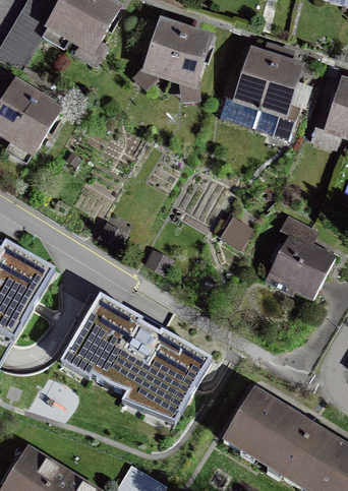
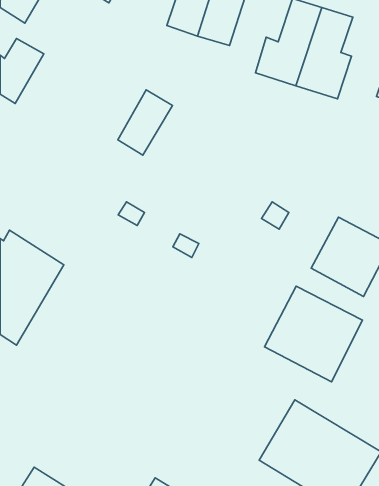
building: [13,93,60,148] -> [118,90,172,155]
building: none -> [265,286,362,382]
building: [59,299,212,425] -> none

